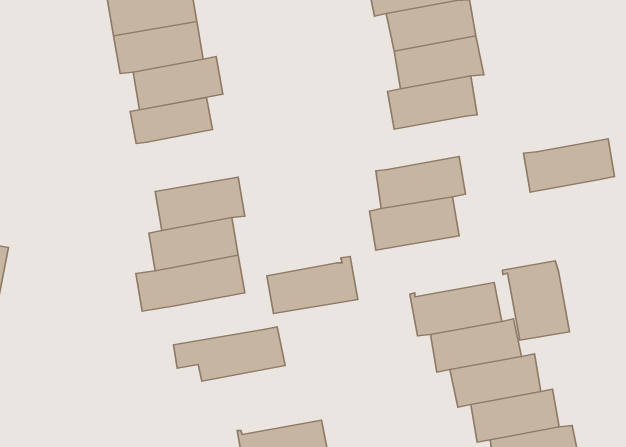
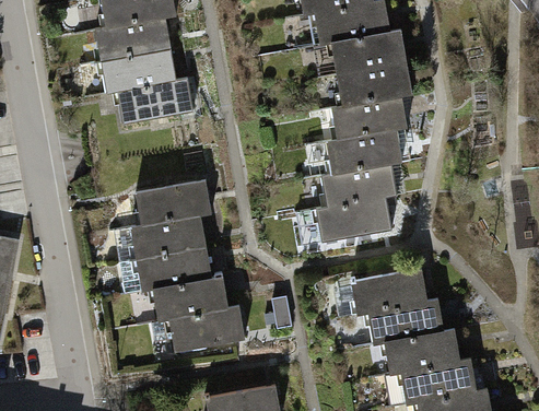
building: [130,98,213,144] -> none
building: [524,139,615,192] -> [325,129,401,174]
building: [267,257,358,314] -> [151,272,227,320]
building: [503,261,570,340] -> none

